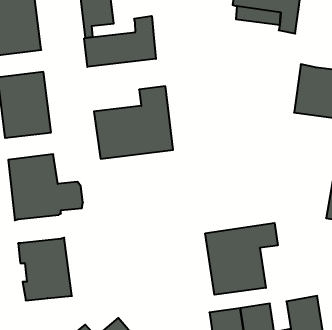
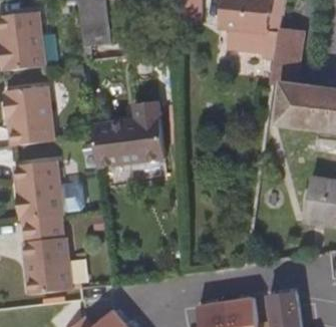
building: none -> [272,30,302,83]
building: [84,16,156,67] -> none
building: none -> [23,218,62,244]
building: [205,223,278,295] -> none

